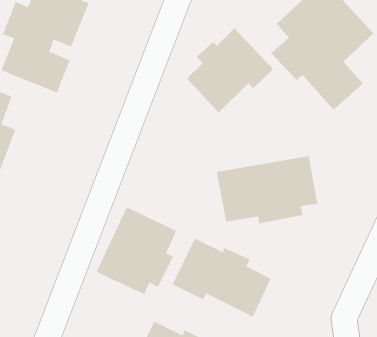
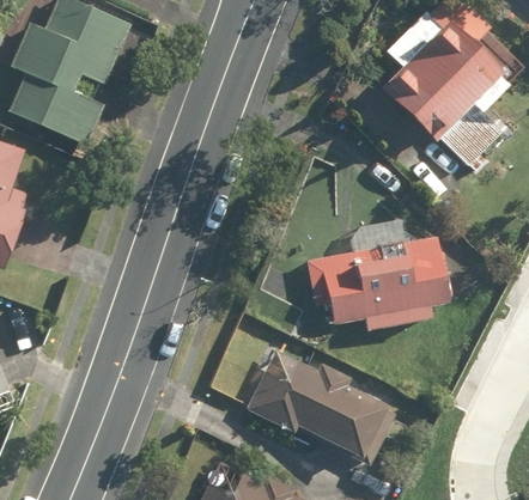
building: [186,27,274,113] -> none
building: [96,206,177,295] -> none

